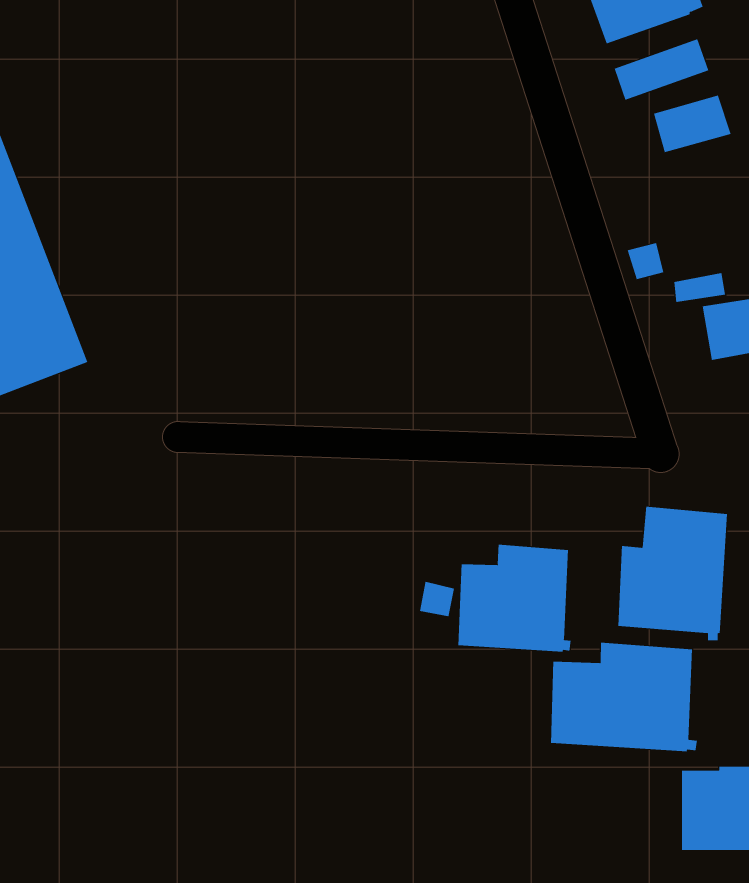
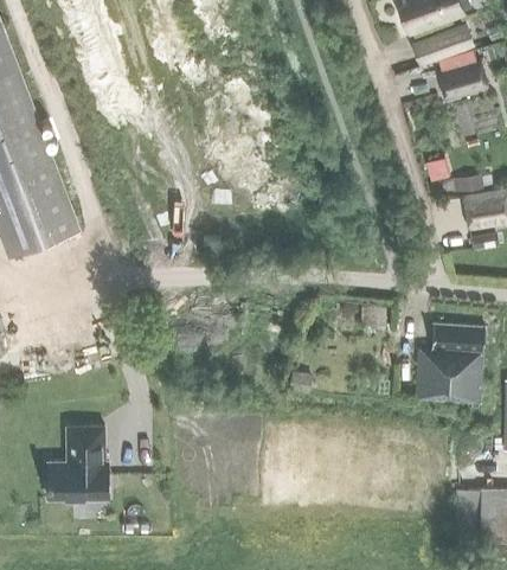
building: [458,544,571,652] -> none
building: [550,642,697,752] -> none
building: none -> [45,425,110,502]

